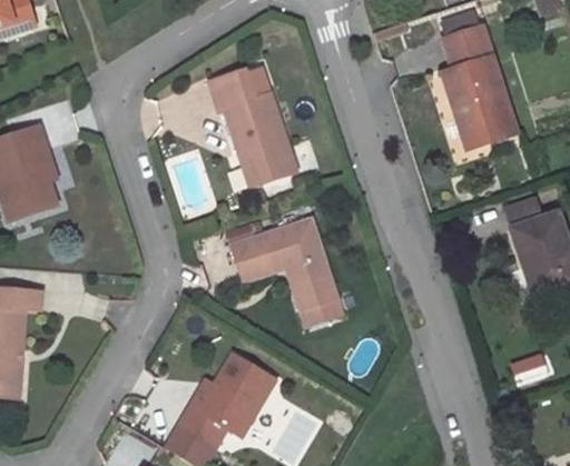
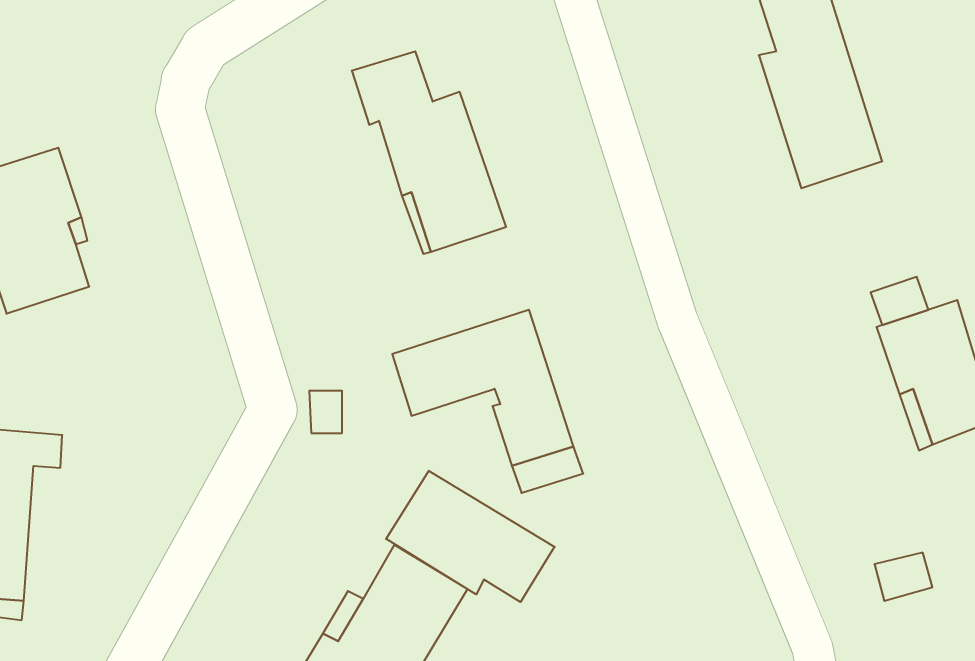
building: none -> [386,471,555,602]

